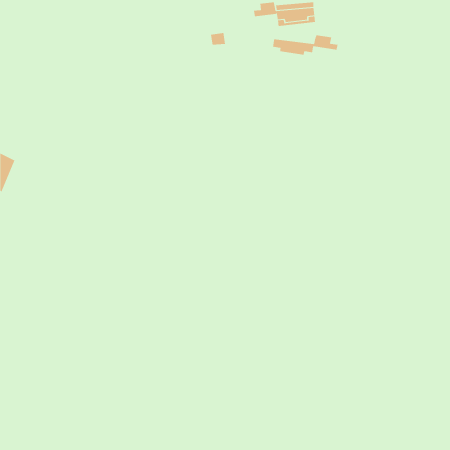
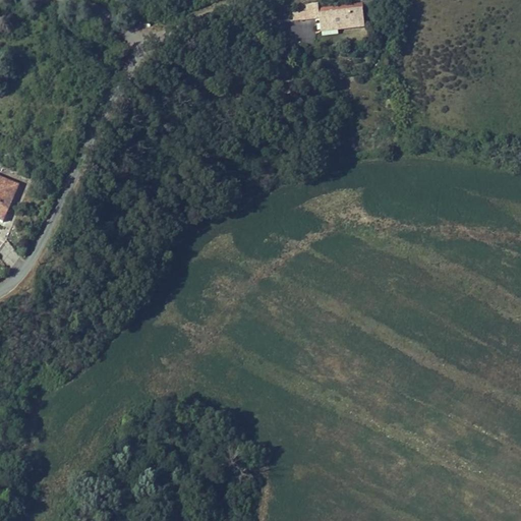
building: [272,35,338,56] -> none

